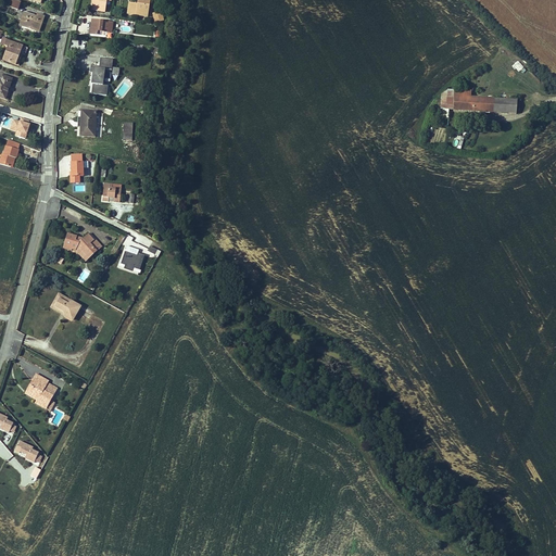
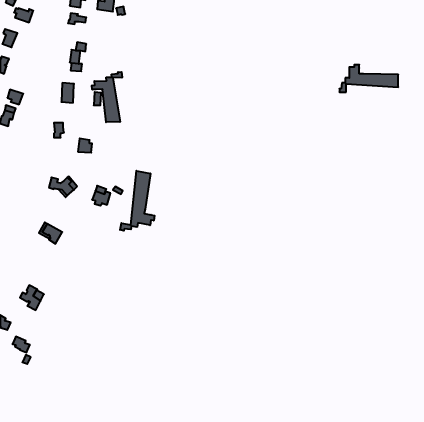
building: none -> [92,72,122,122]
building: none -> [120,171,155,231]

